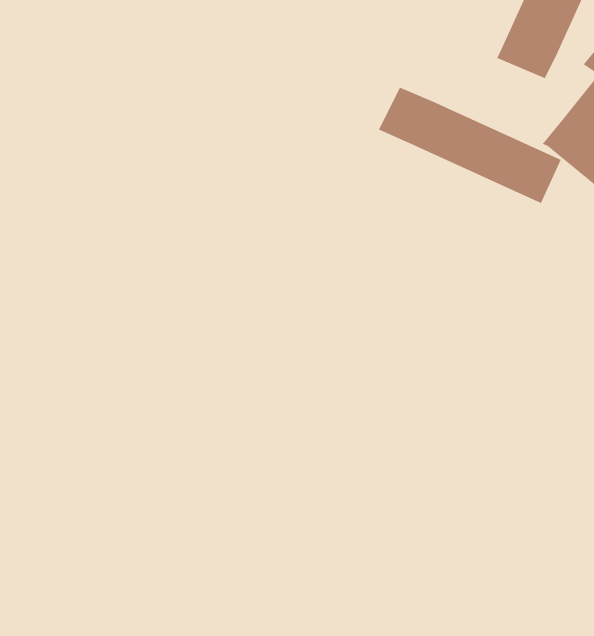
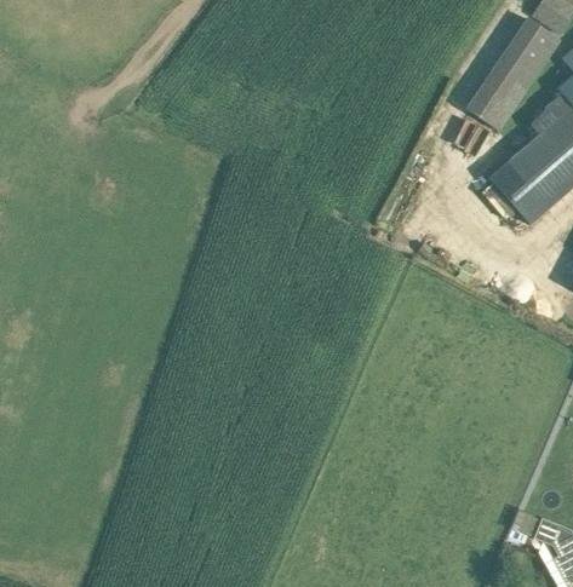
building: [378,87,561,204] -> none

